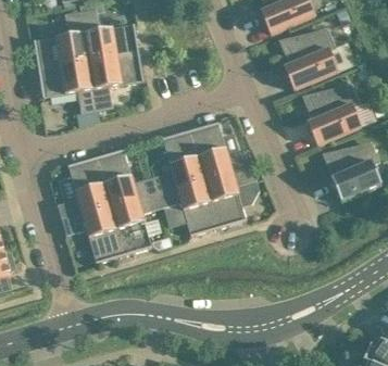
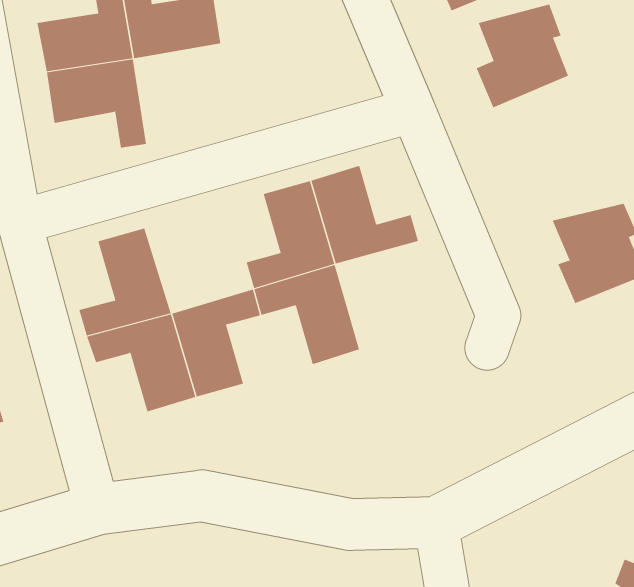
building: [88,52,142,110] -> none
building: [306,86,361,144] -> none
building: [95,149,157,206] -> none
building: [203,165,256,227] -> none

